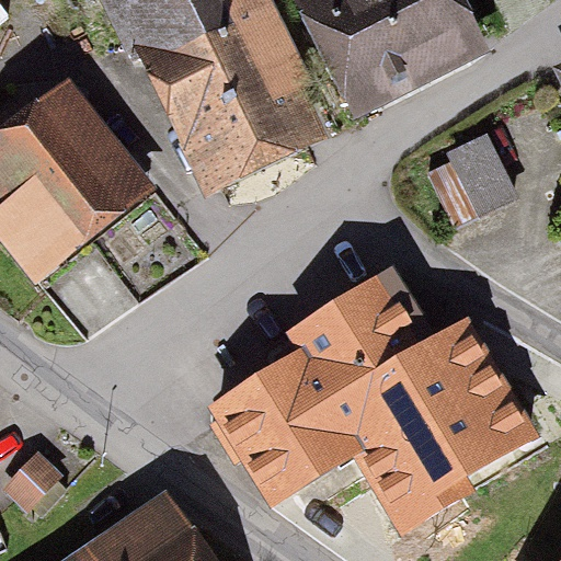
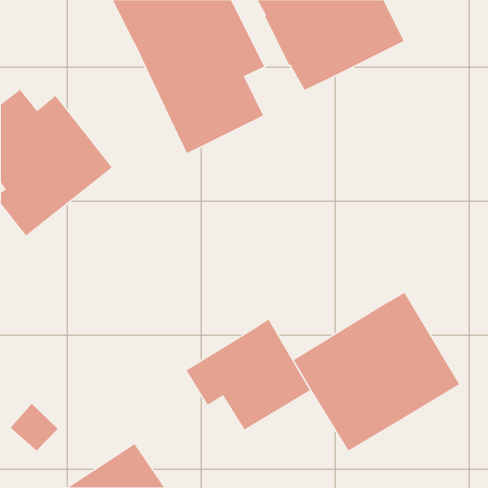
building: [430,142,514,230] -> none
building: [277,274,438,412] -> none

